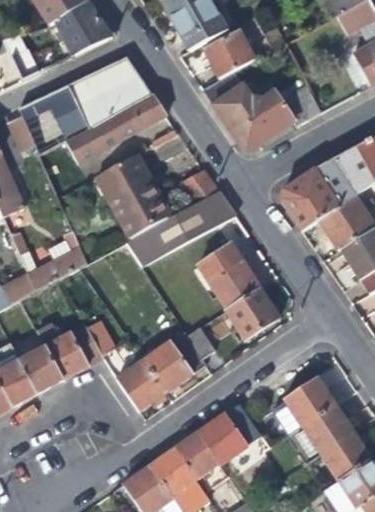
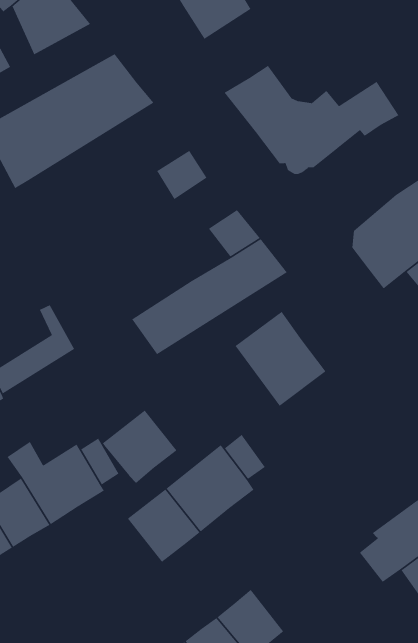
building: [204,32,253,80] -> none
building: [63,93,167,163] -> none
building: [92,155,170,241] -> none
building: [223,286,278,340] -> none
building: none -> [102,410,178,484]
building: [197,404,260,465] -> none

